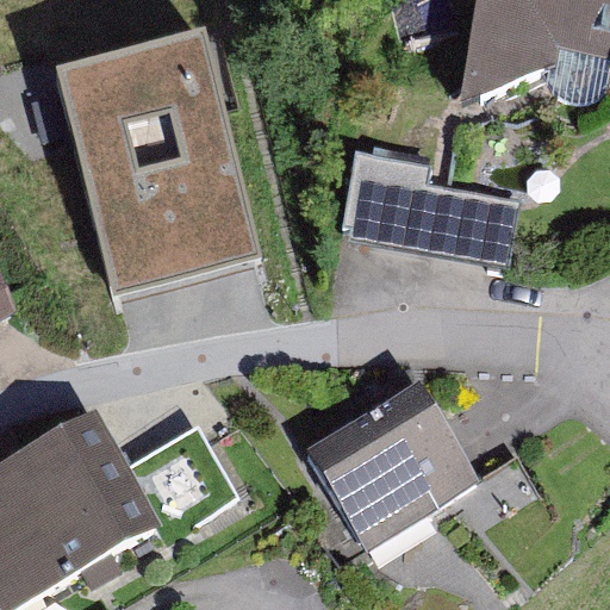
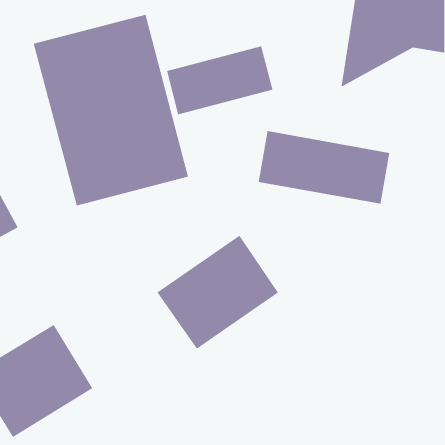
building: none -> [167,46,273,115]
building: [328,380,492,534] -> [157,235,279,349]

